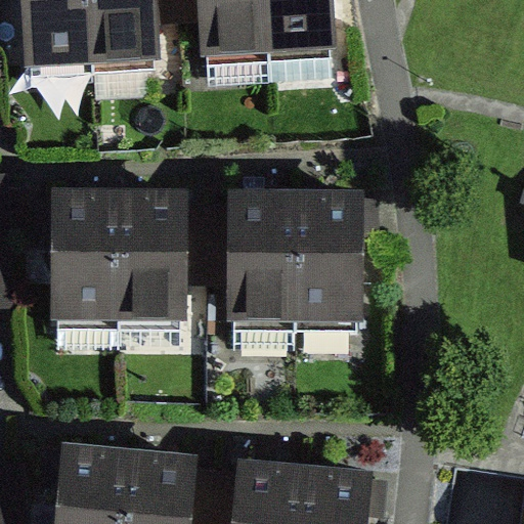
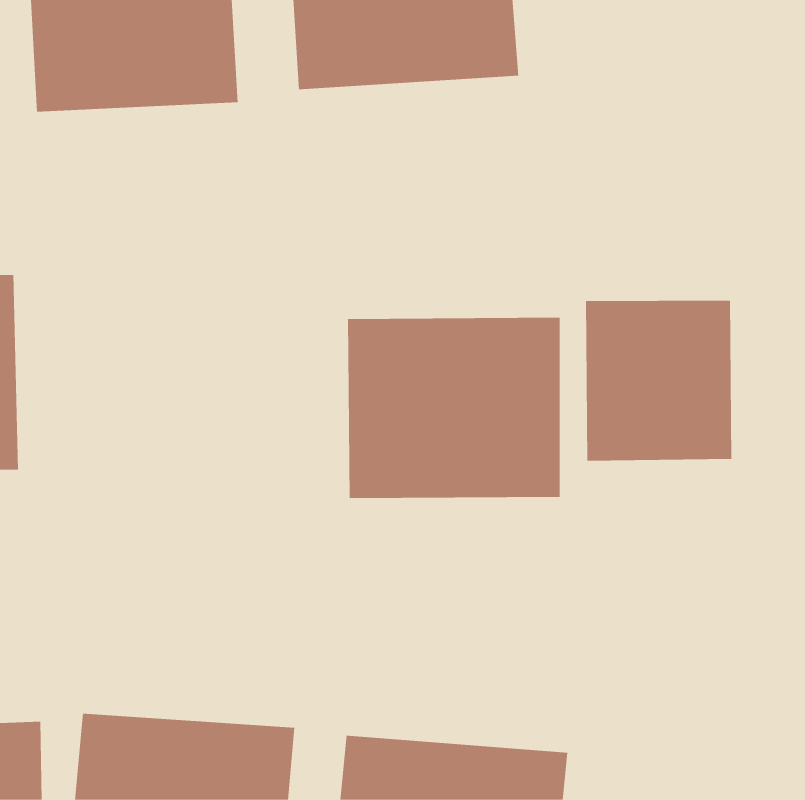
building: none -> [586,300,732,462]
building: [50,205,188,322] -> none

